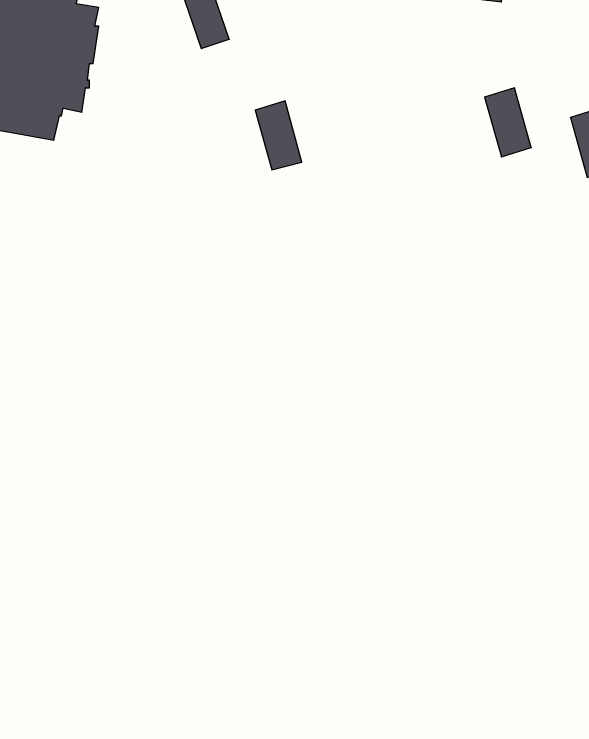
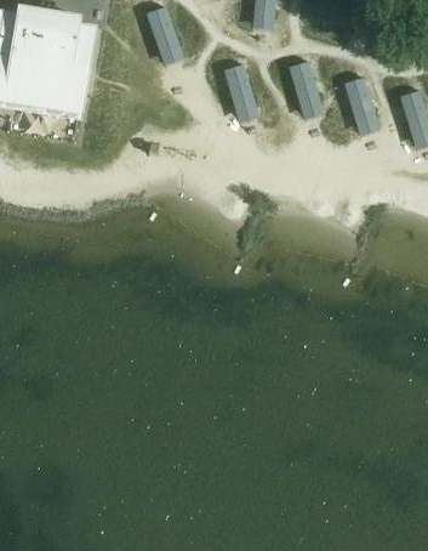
building: none -> [289,62,320,107]
building: [255,101,302,170] -> [224,64,255,109]

